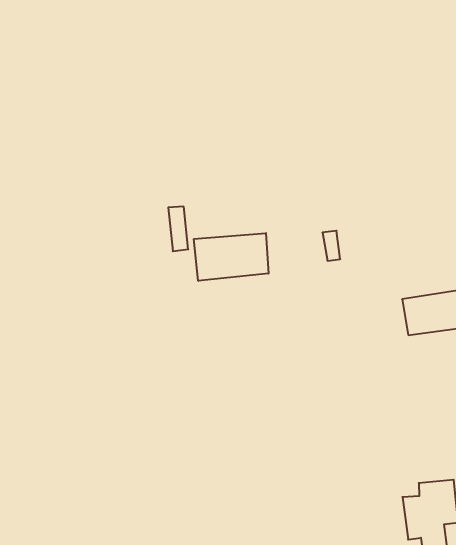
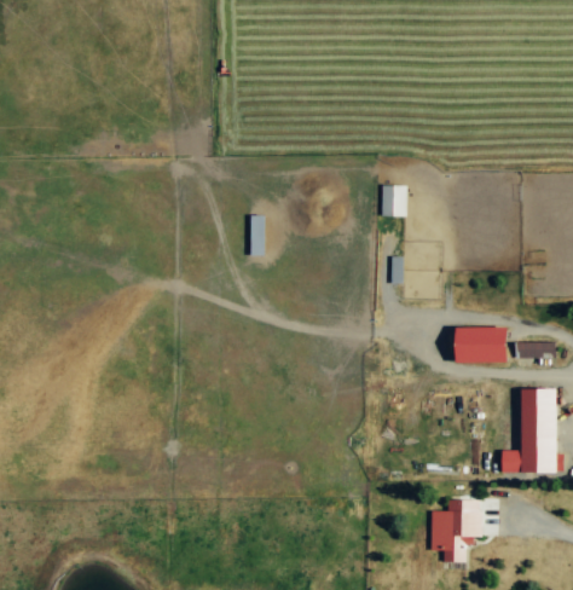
building: none -> [382,185,407,216]
building: [194,233,268,281] -> none

